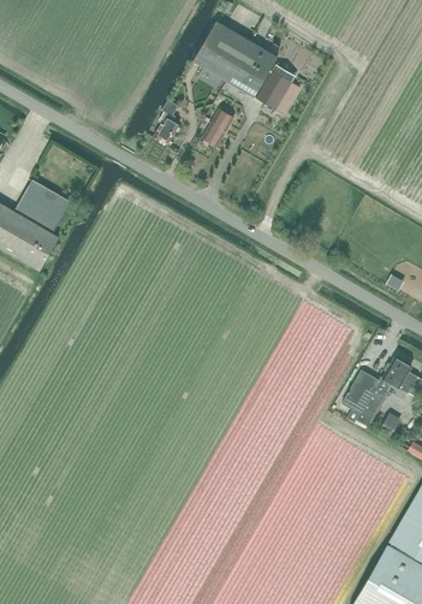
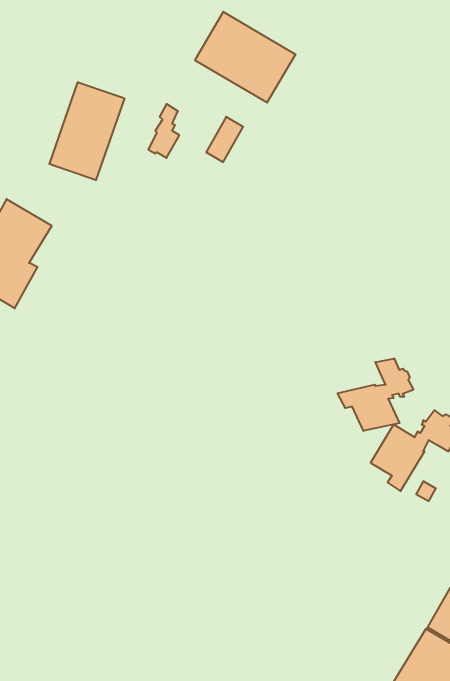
building: [255,64,297,113] -> none
building: none -> [49,82,124,180]
building: none -> [338,358,413,431]

